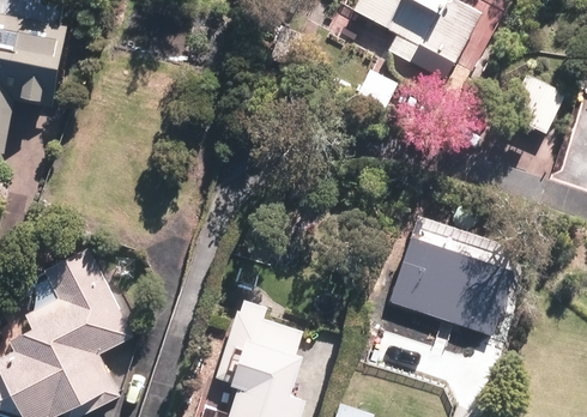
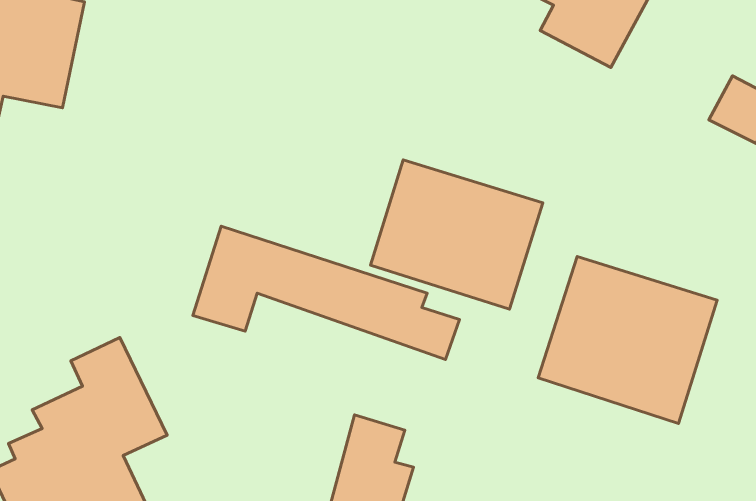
building: none -> [370,160,543,309]
building: none -> [193,226,460,360]

